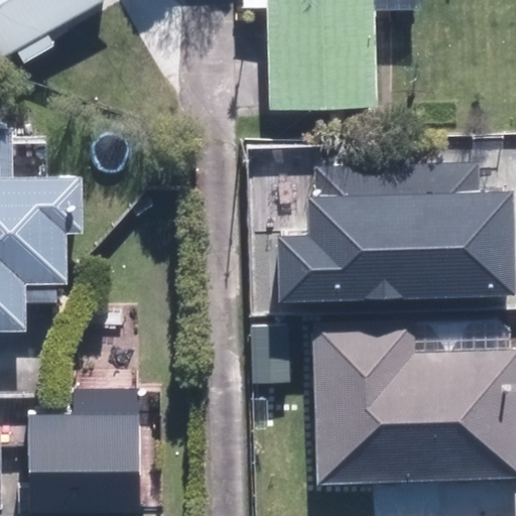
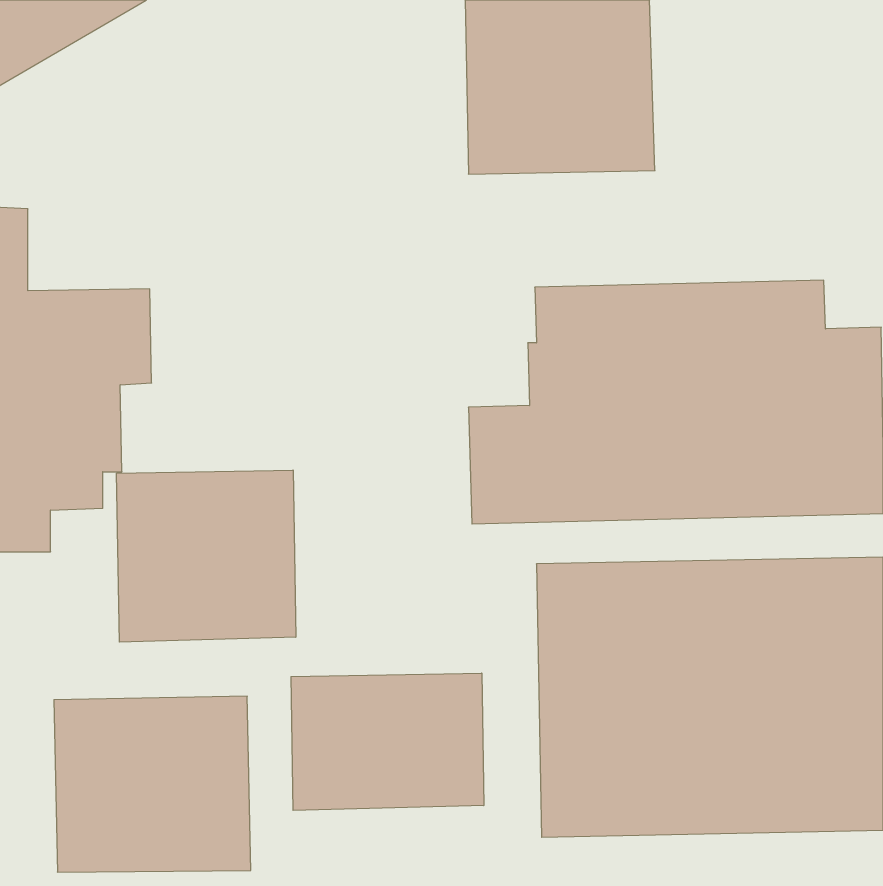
building: none -> [117,470,296,642]
building: none -> [291,673,484,810]

